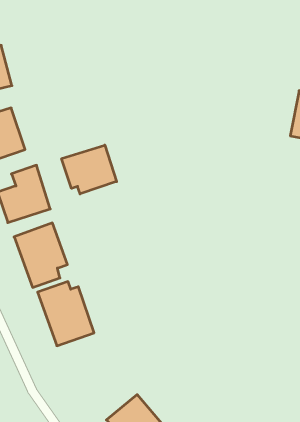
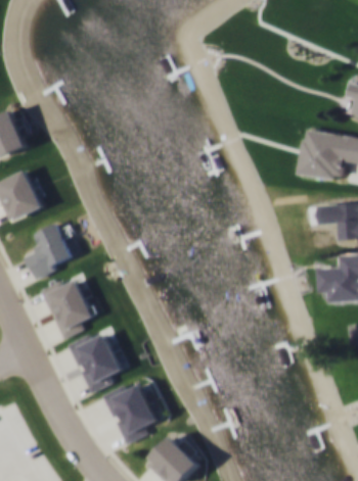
building: [62,145,117,194] -> none
building: none -> [103,382,158,444]

